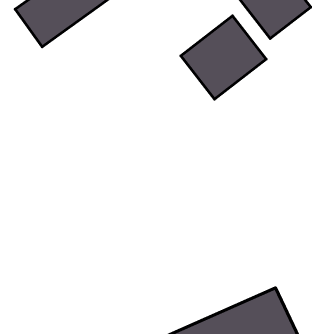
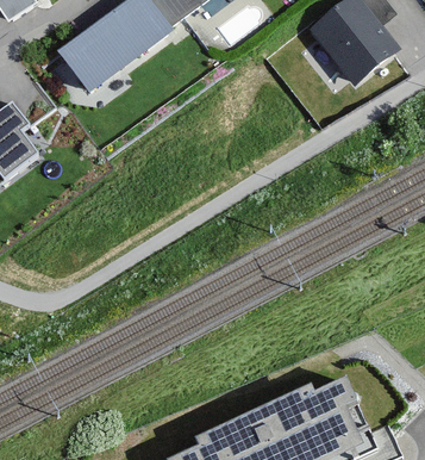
building: [181,16,266,99] -> none

